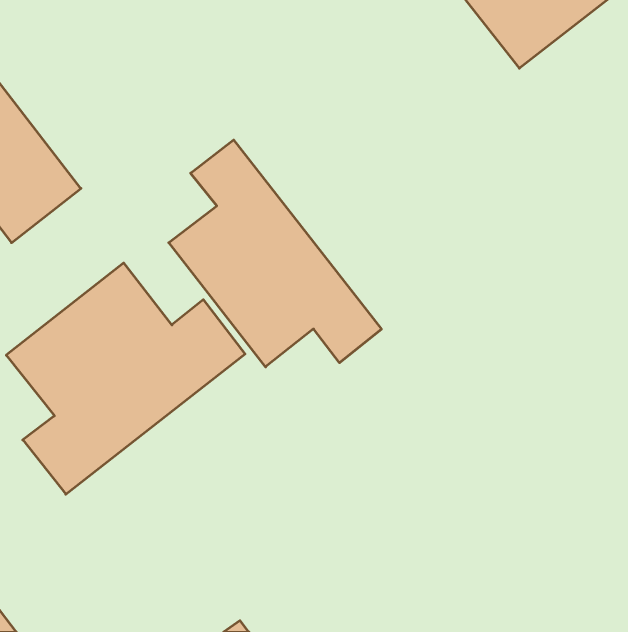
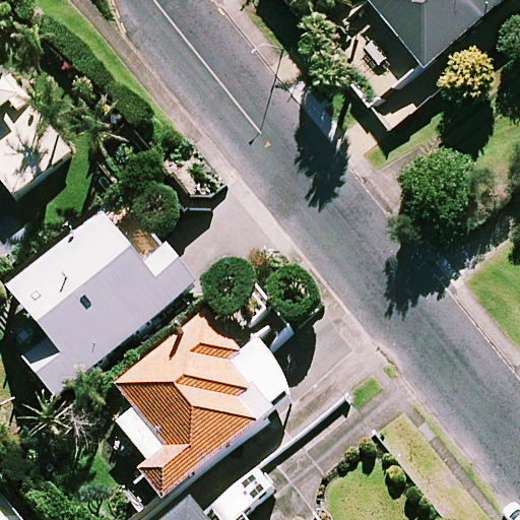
building: [169,140,381,367] -> none
building: none -> [115,311,260,497]

